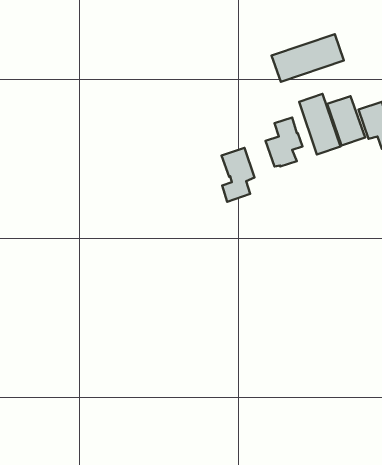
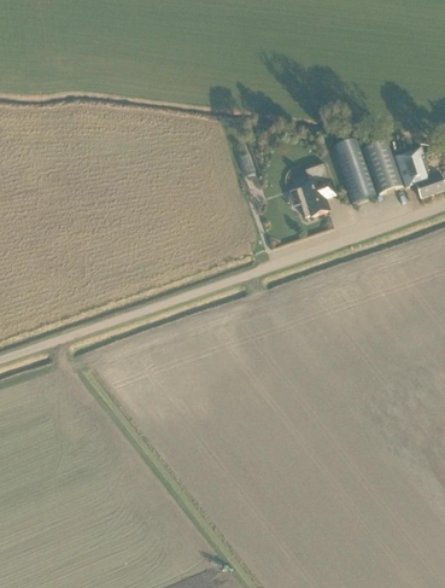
building: [272,34,344,82] -> none
building: [222,148,254,202] -> none

